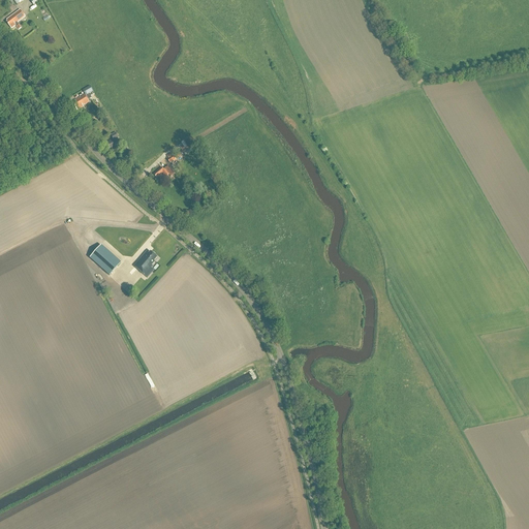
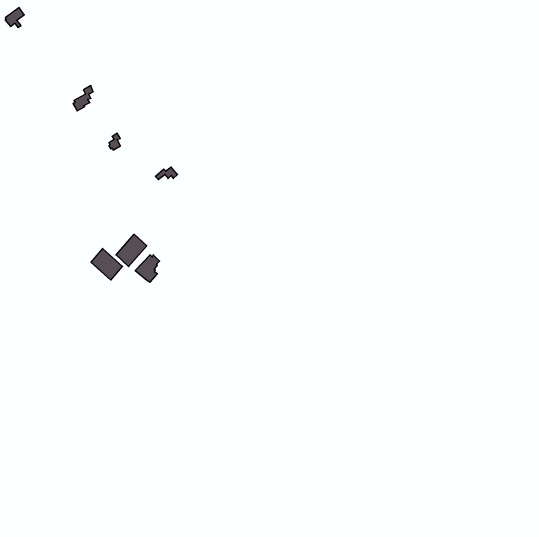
building: none -> [116,234,147,267]

